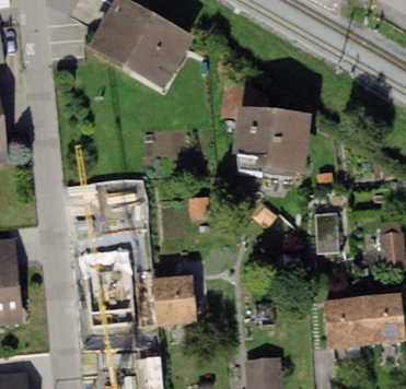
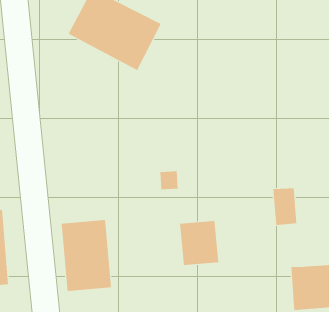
building: [220,85,309,185] -> none
building: [151,274,195,323] -> [179,221,219,266]

